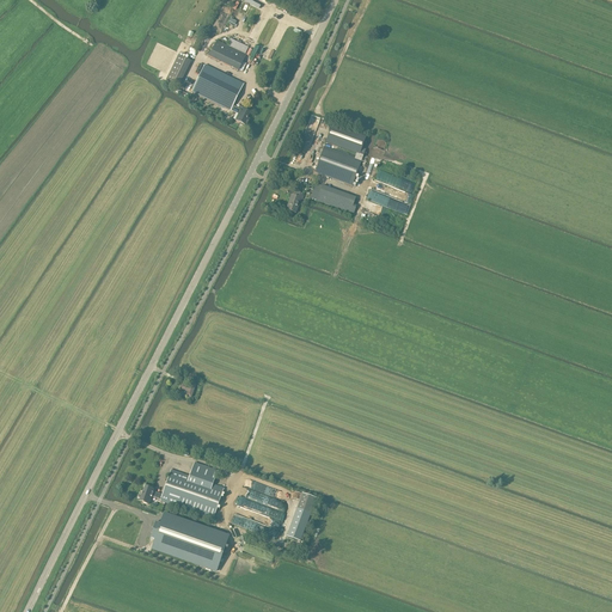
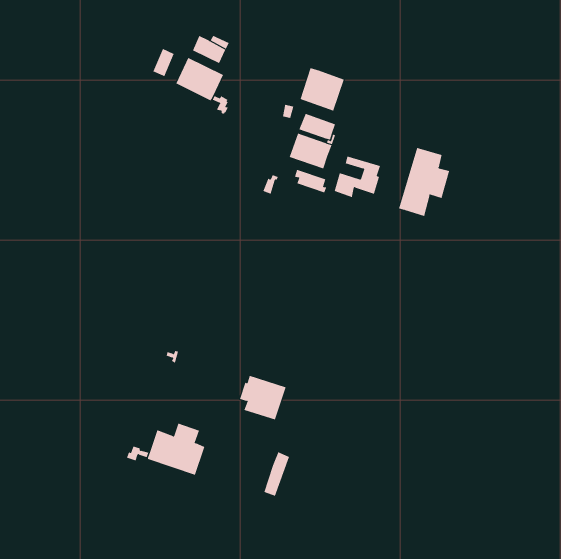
building: none -> [300,68,345,112]
building: none -> [399,147,450,217]
building: [235,486,287,536] -> [239,375,286,420]
building: [151,510,230,570] -> none

